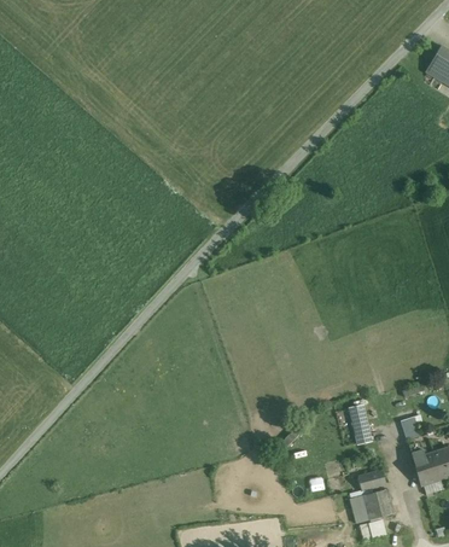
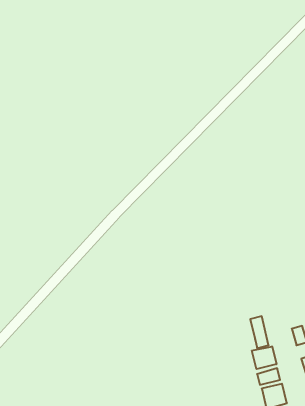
building: none -> [252,346,276,369]

